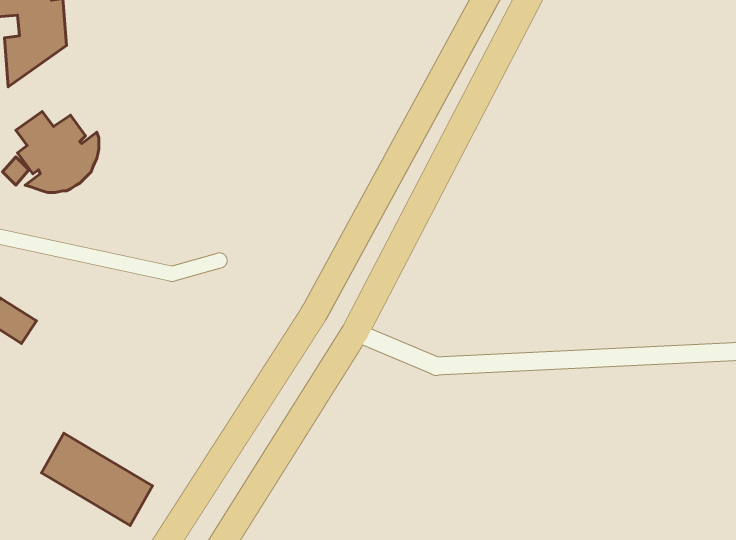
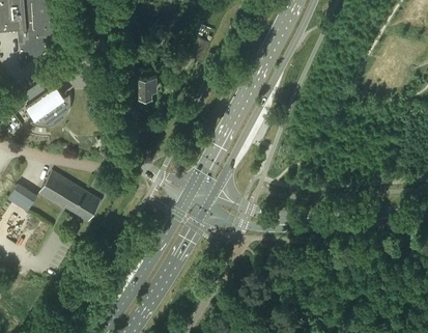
building: none -> [138,74,156,100]
building: [41,433,153,526] -> [38,170,99,221]

